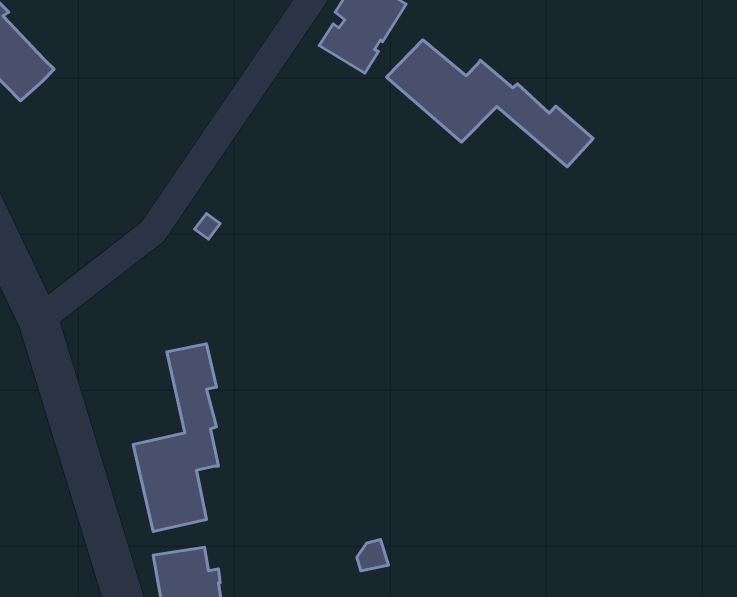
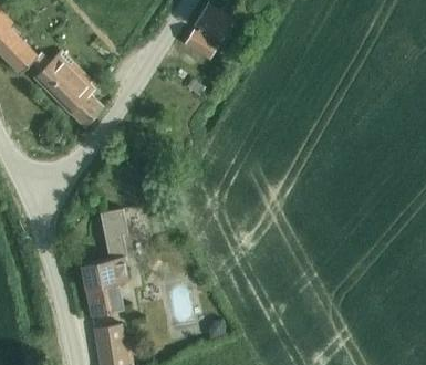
building: [386,40,593,167] -> none
building: none -> [31,51,103,126]

